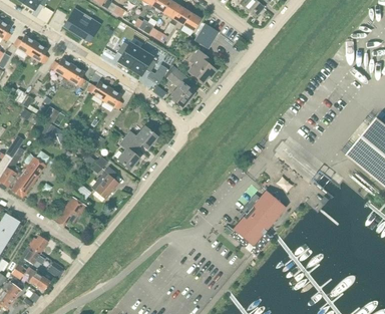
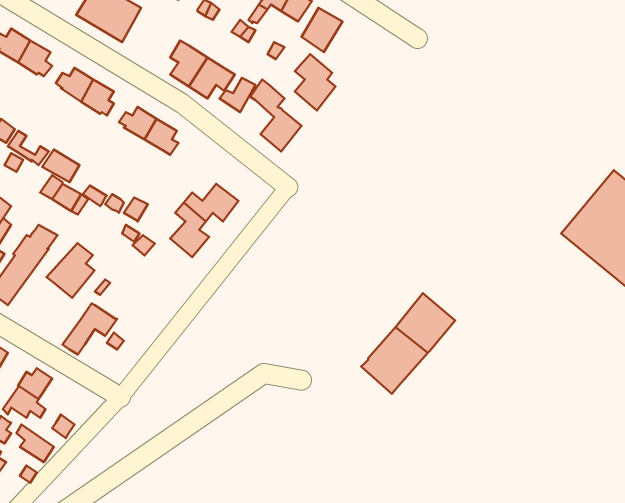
building: [90,167,118,199] -> [47,243,94,298]

